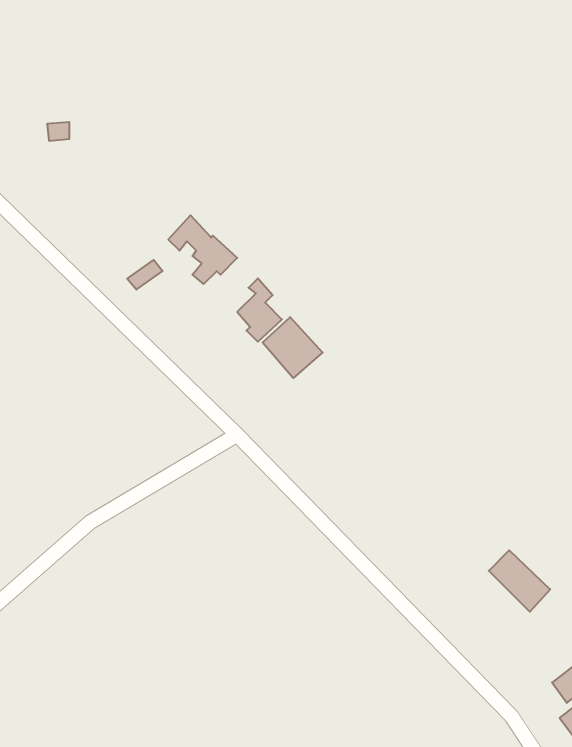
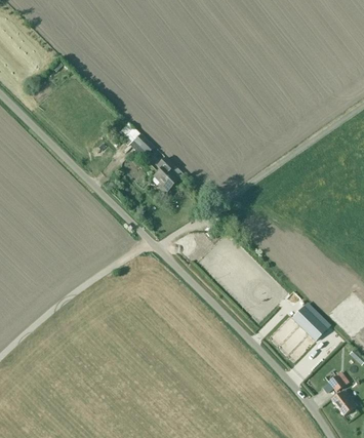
building: [263,317,323,378] -> none

